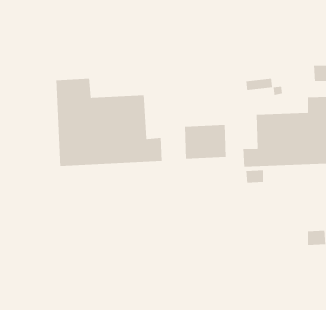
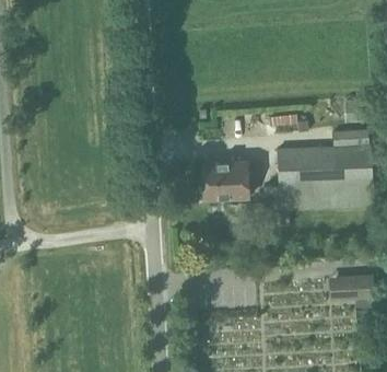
building: [56,78,163,167] -> none

